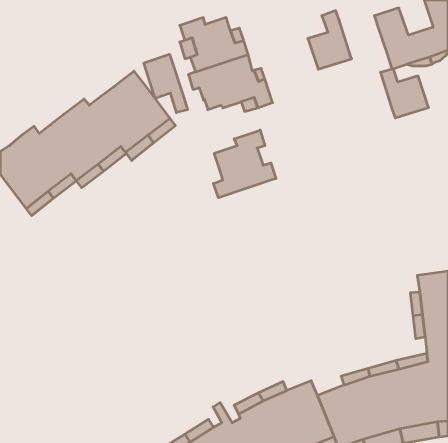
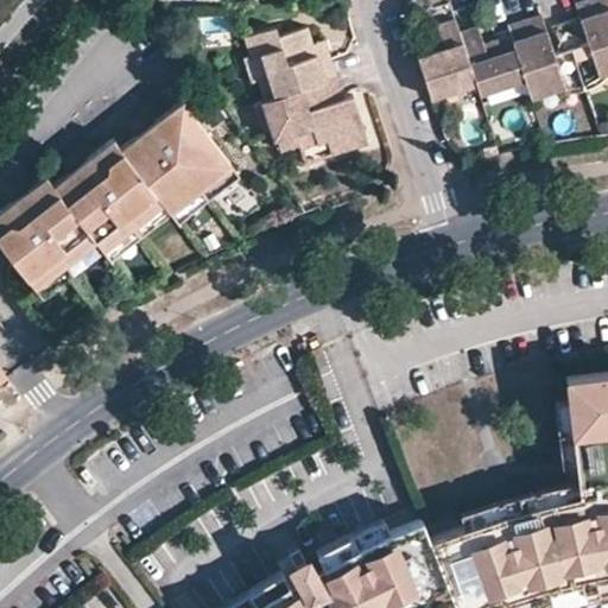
building: [144,54,188,113] -> none
building: [380,69,429,118] -> [460,30,525,96]
building: [213,130,276,198] -> none

